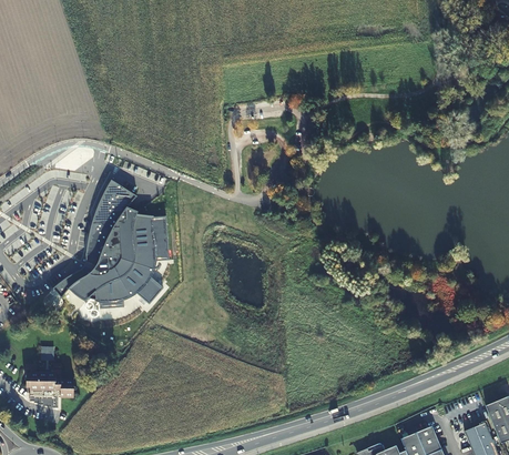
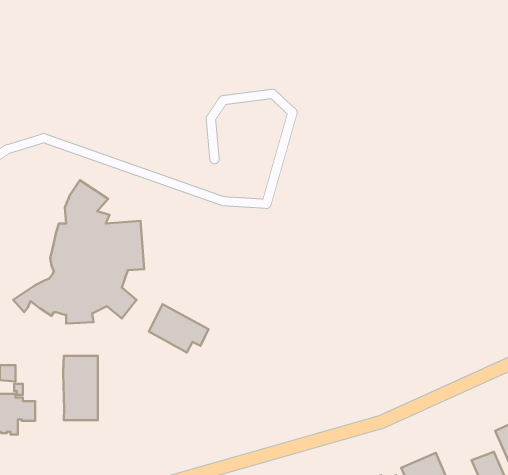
building: none -> [149,304,209,352]
building: none -> [63,356,98,420]

